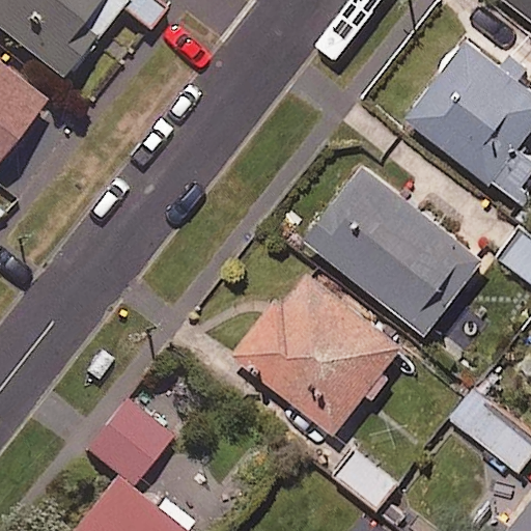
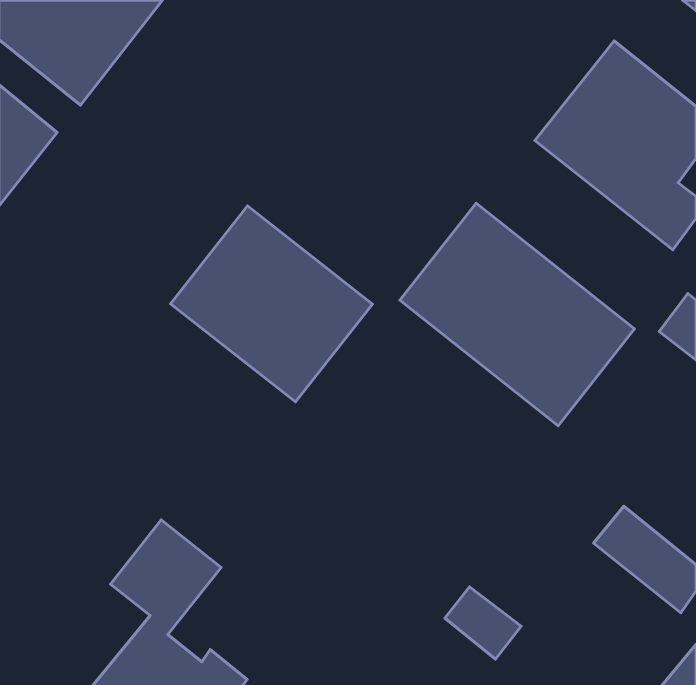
building: none -> [170,206,372,402]
building: [233,268,402,434] -> none

